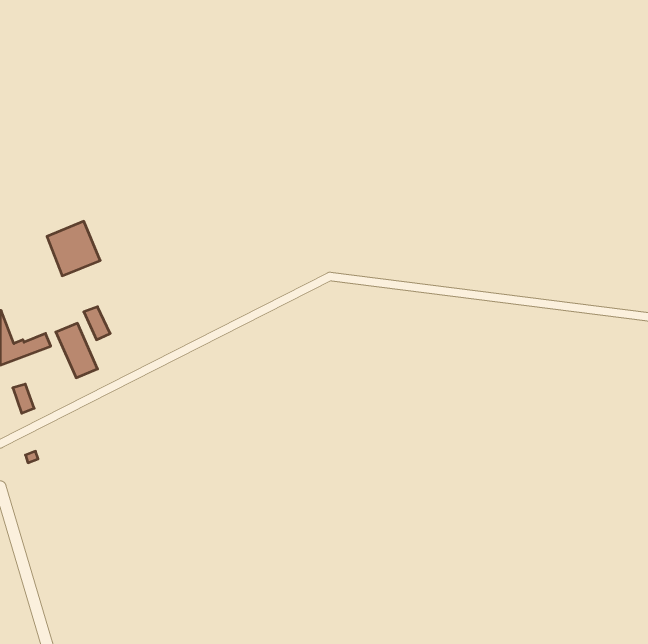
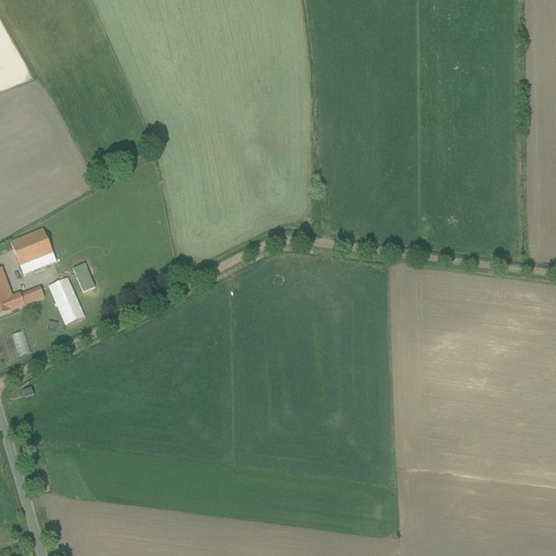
building: [47,221,100,276] -> [10,227,55,274]

